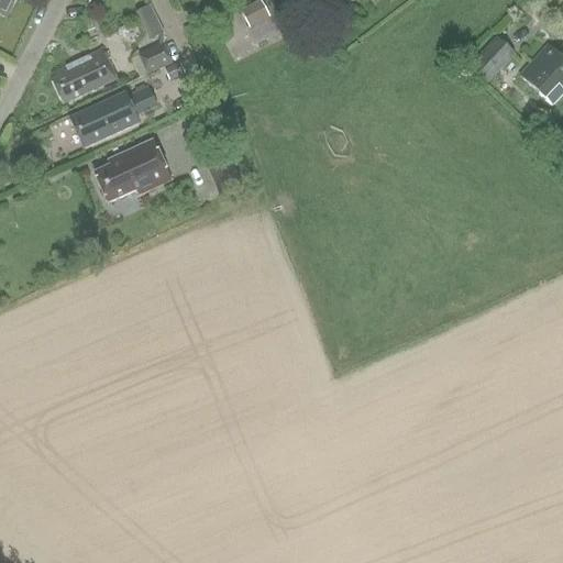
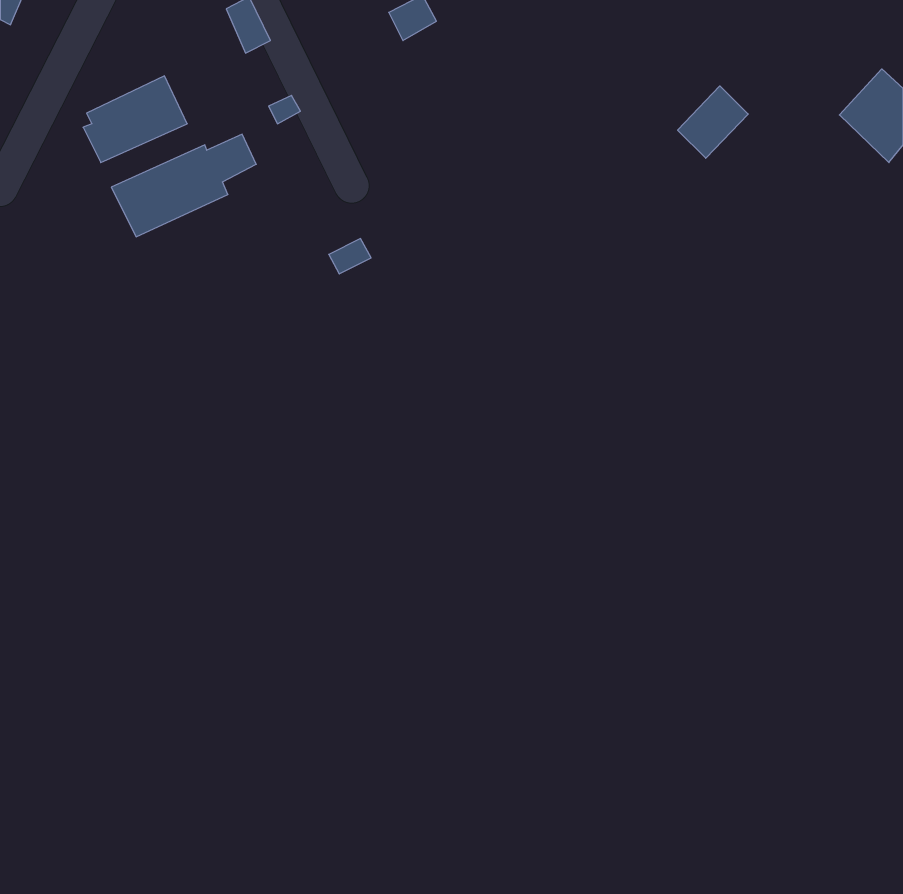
building: [470,34,514,79] -> [678,86,748,158]
building: [141,41,175,71] -> none
building: [95,140,172,202] -> none

